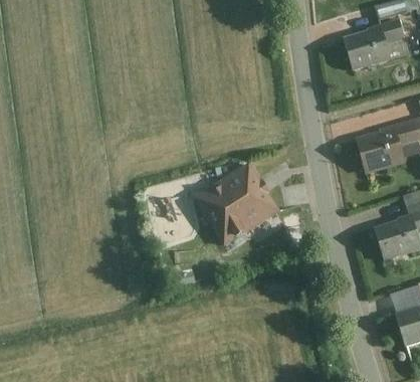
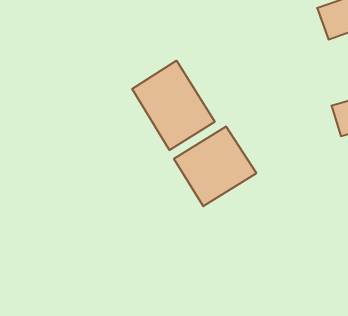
building: none -> [132,61,215,150]

